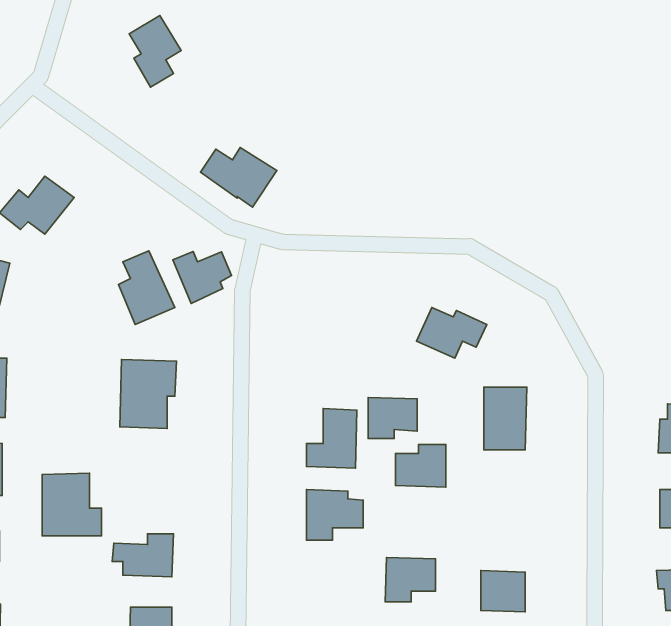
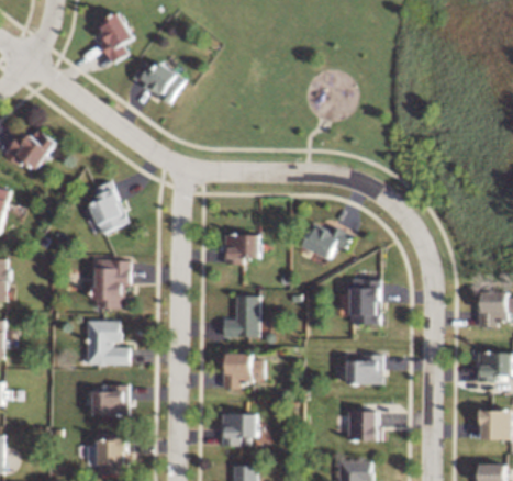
building: [200,148,277,207] -> [131,61,186,104]
building: [173,251,232,304] -> none
building: [368,397,417,439] -> [224,234,259,264]
building: [395,444,446,487] -> [347,354,383,384]
building: [42,473,102,536] -> [85,320,127,365]
building: [385,557,435,602] -> [221,413,257,445]

